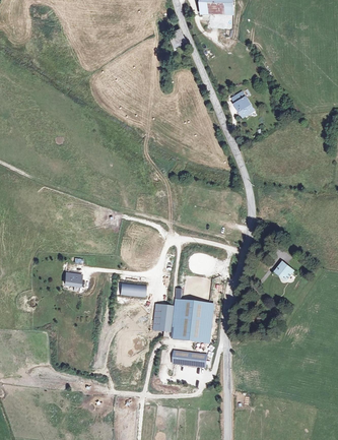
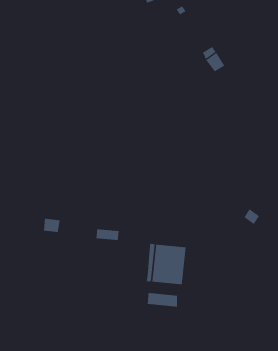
building: [152,303,175,331] -> none

